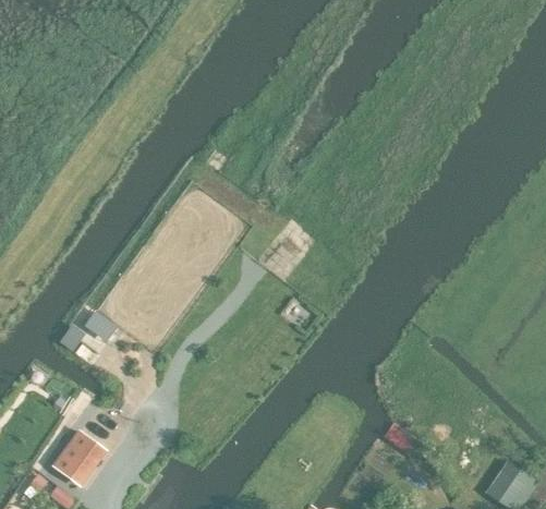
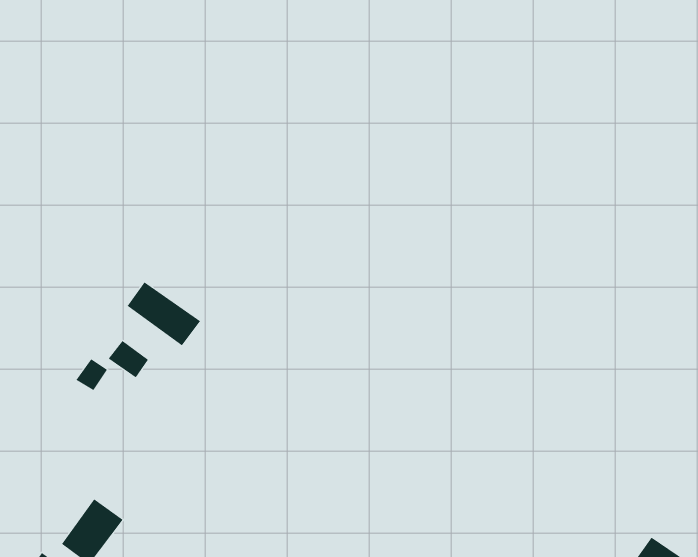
building: none -> [127,281,201,346]

